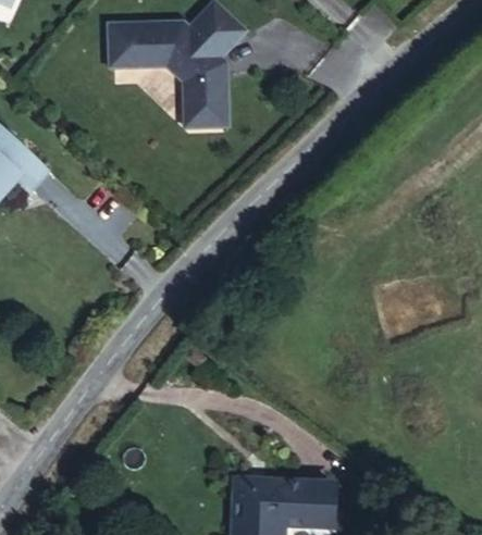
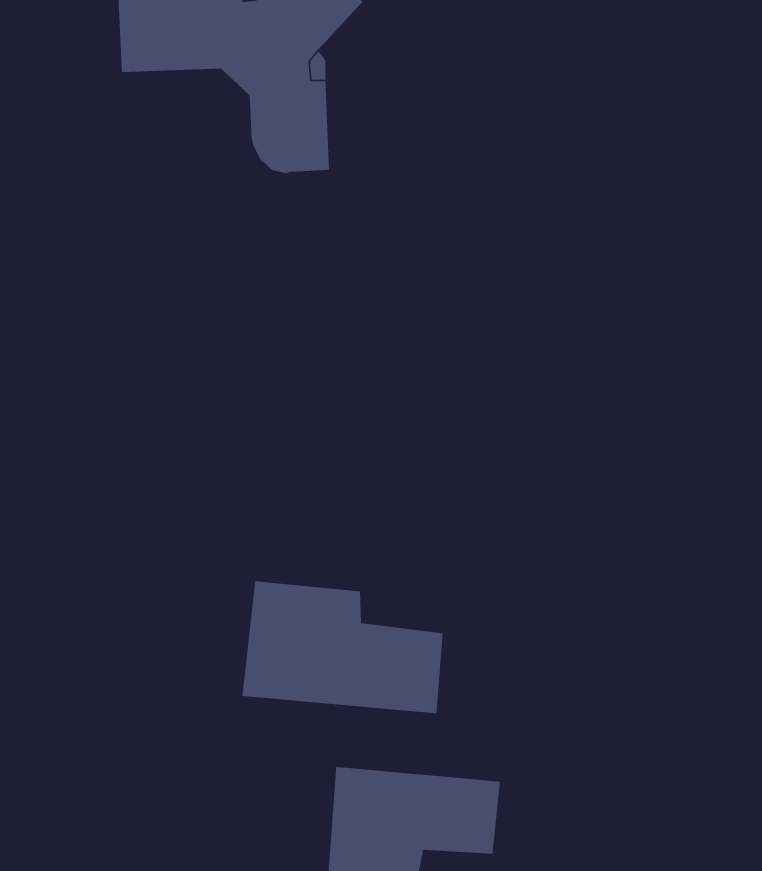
building: none -> [241,580,443,714]

